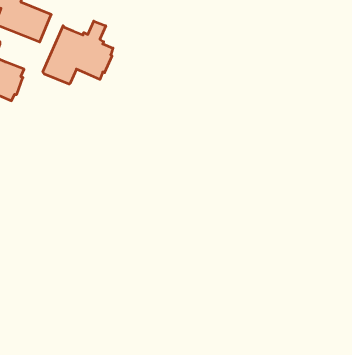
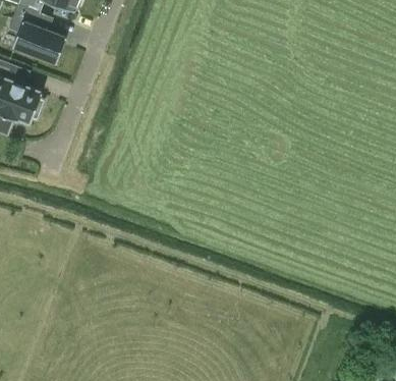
building: [43,21,113,84] -> none

